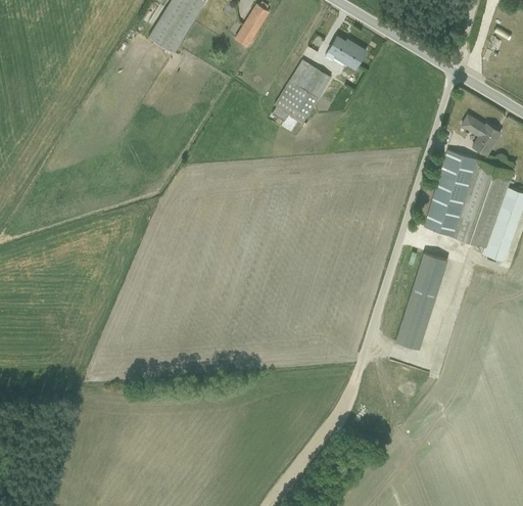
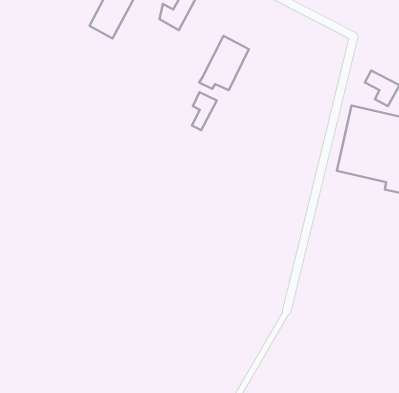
building: [326,33,368,72] -> none
building: none -> [192,92,217,130]
building: [395,254,449,350] -> none

